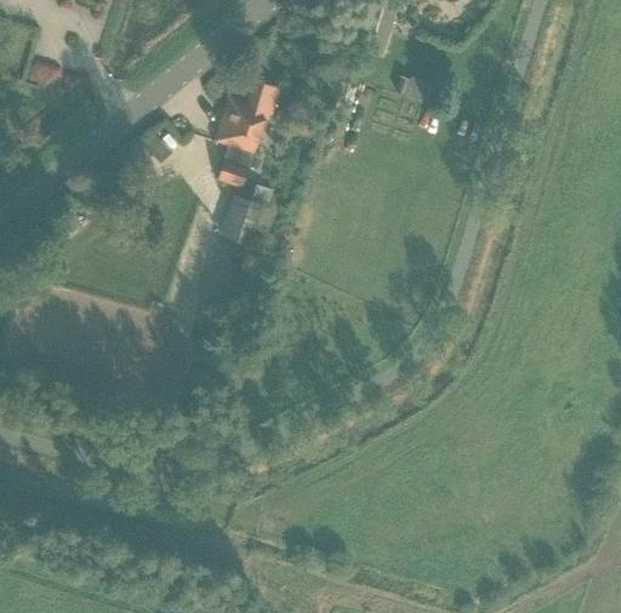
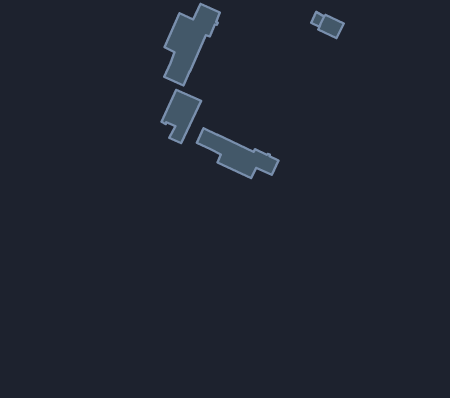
building: none -> [197,128,278,178]

